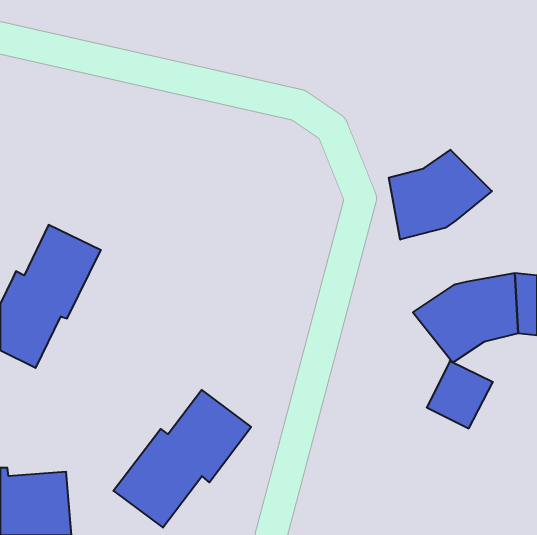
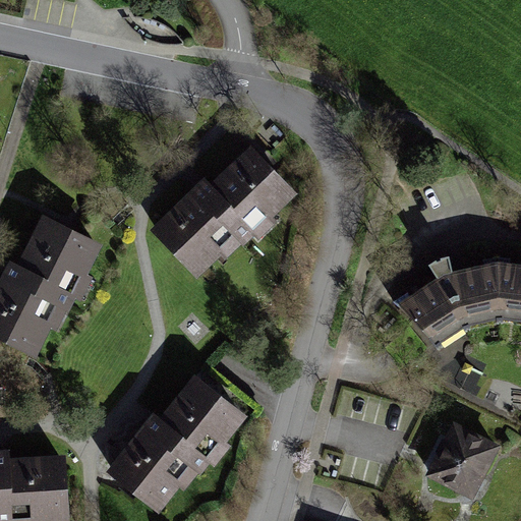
building: [389,150,492,240] -> none
building: none -> [156,148,294,272]
building: [427,361,493,428] -> [432,429,497,495]

